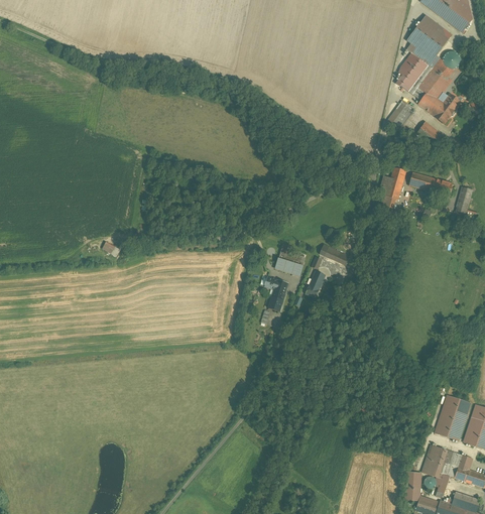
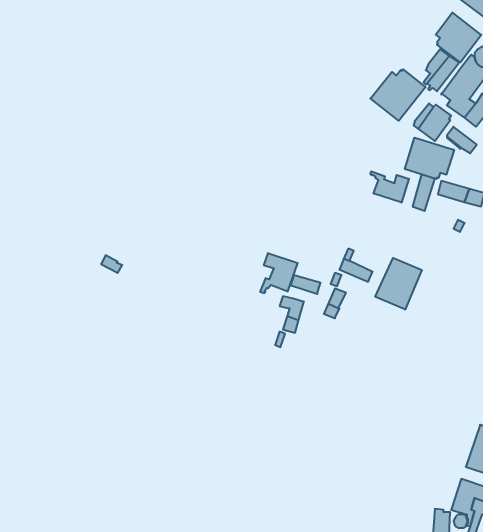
building: none -> [370,69,426,121]
building: none -> [405,138,454,179]
building: none -> [370,171,409,203]
building: none -> [260,253,298,293]
building: none -> [375,258,422,310]

